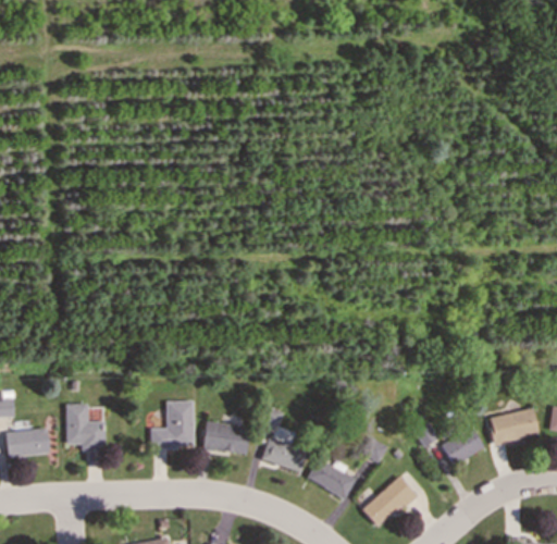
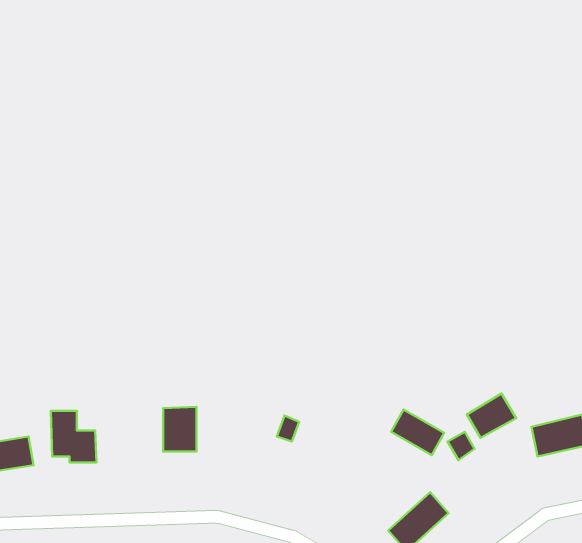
building: [203,421,250,455] -> none
building: [441,425,484,465] -> [467,393,516,438]
building: [262,438,308,472] -> none
building: [308,458,355,498] -> [391,409,444,455]

